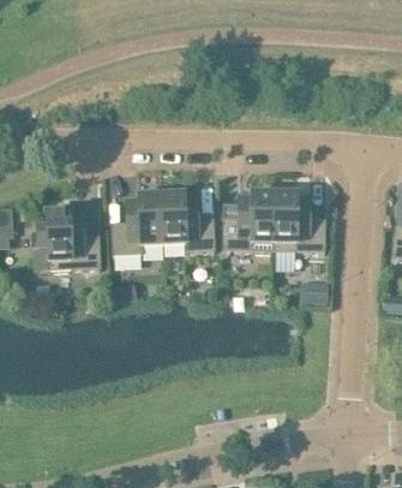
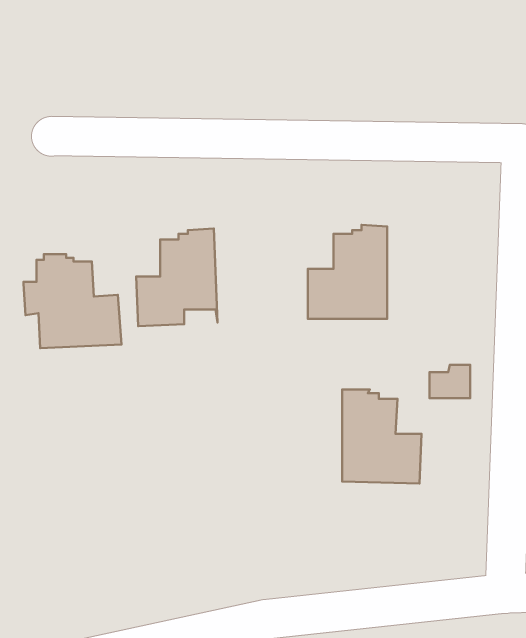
building: [274,190,325,251] -> [342,389,421,484]
building: [161,191,215,252] -> none

